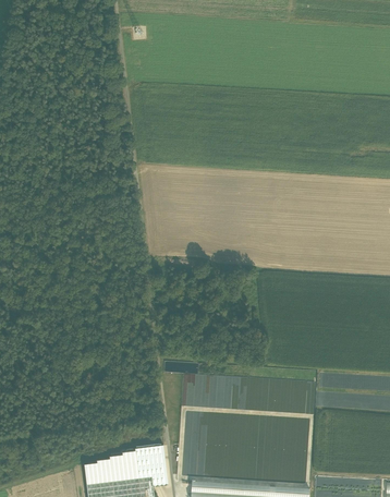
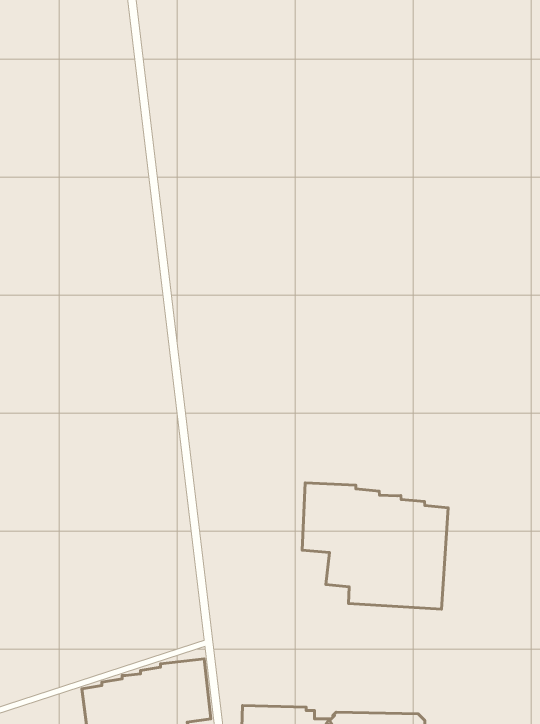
building: none -> [302,483,448,609]

